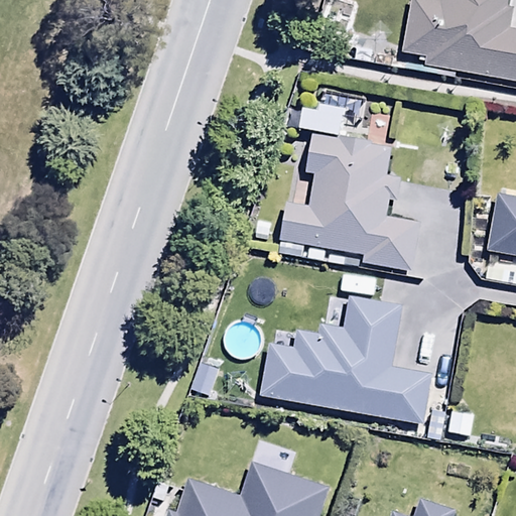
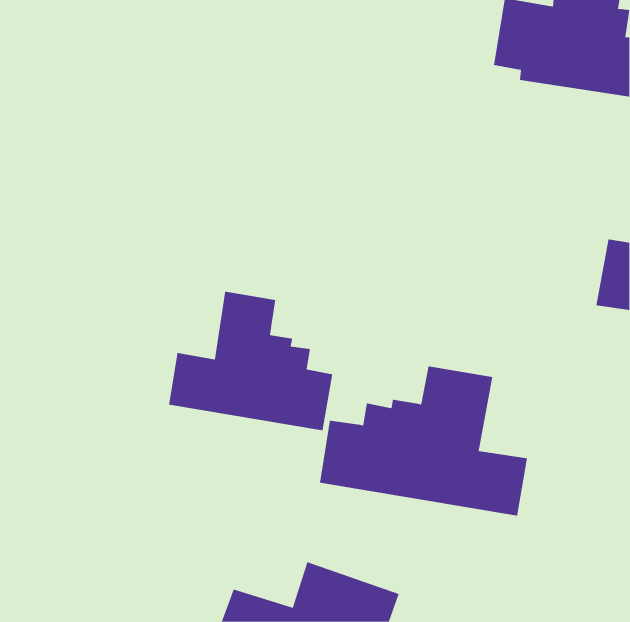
building: [280,133,422,273] -> none
building: none -> [168,291,333,431]

